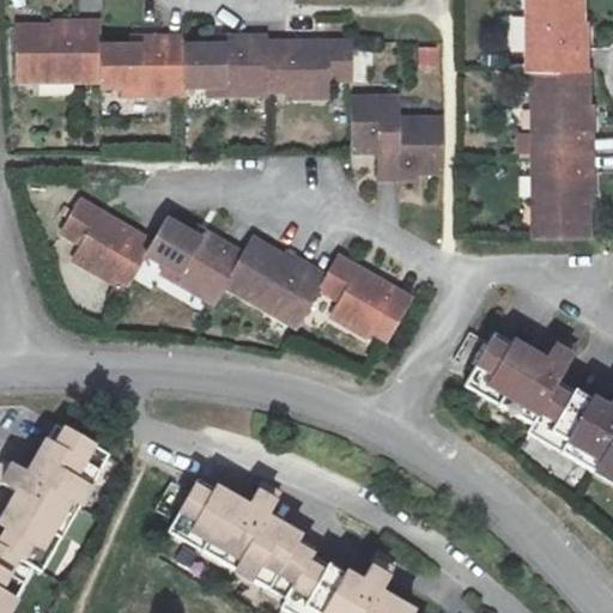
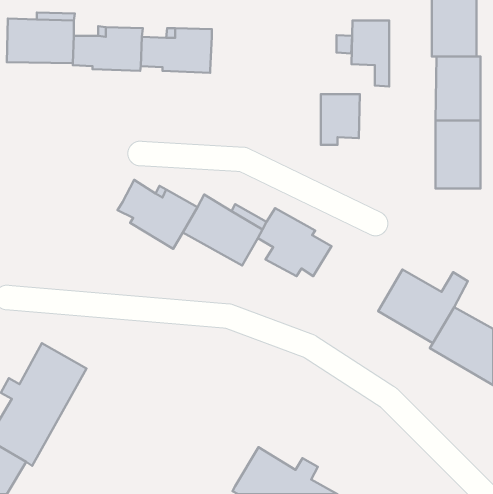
building: [259,38,348,93] -> none
building: [348,97,395,178] -> [351,20,389,87]
building: [59,202,151,285] -> none
building: [175,473,323,599] -> none

